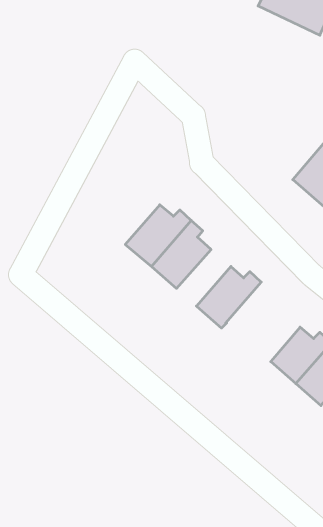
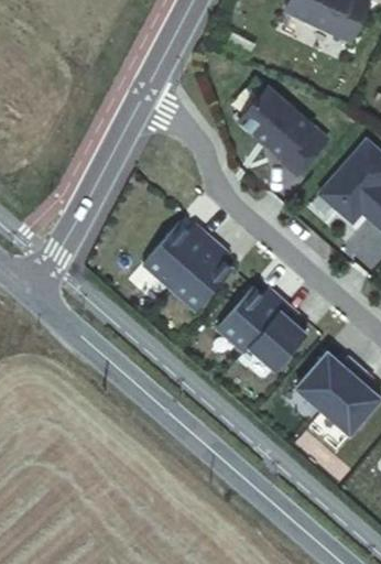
building: none -> [240,88,324,174]
building: none -> [250,303,308,369]

